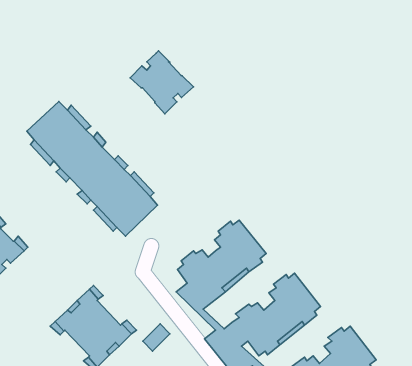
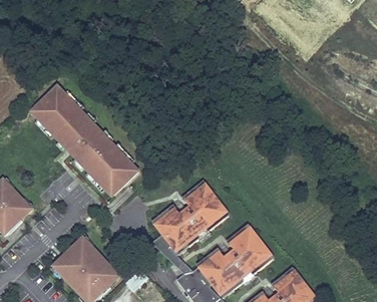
building: [130,51,194,114] -> none

